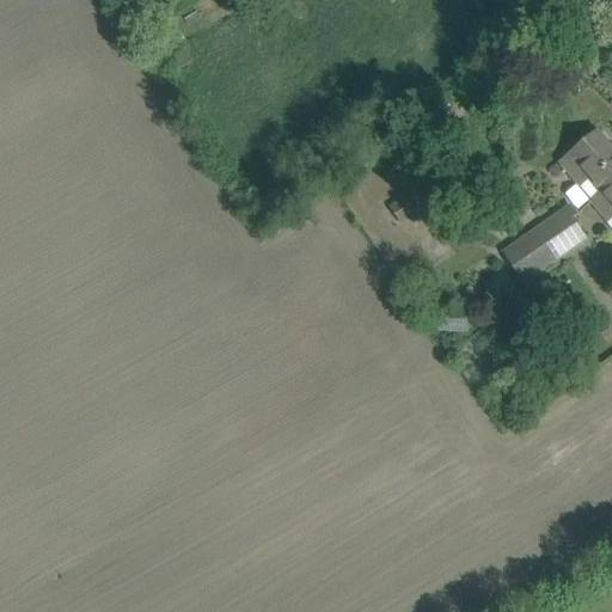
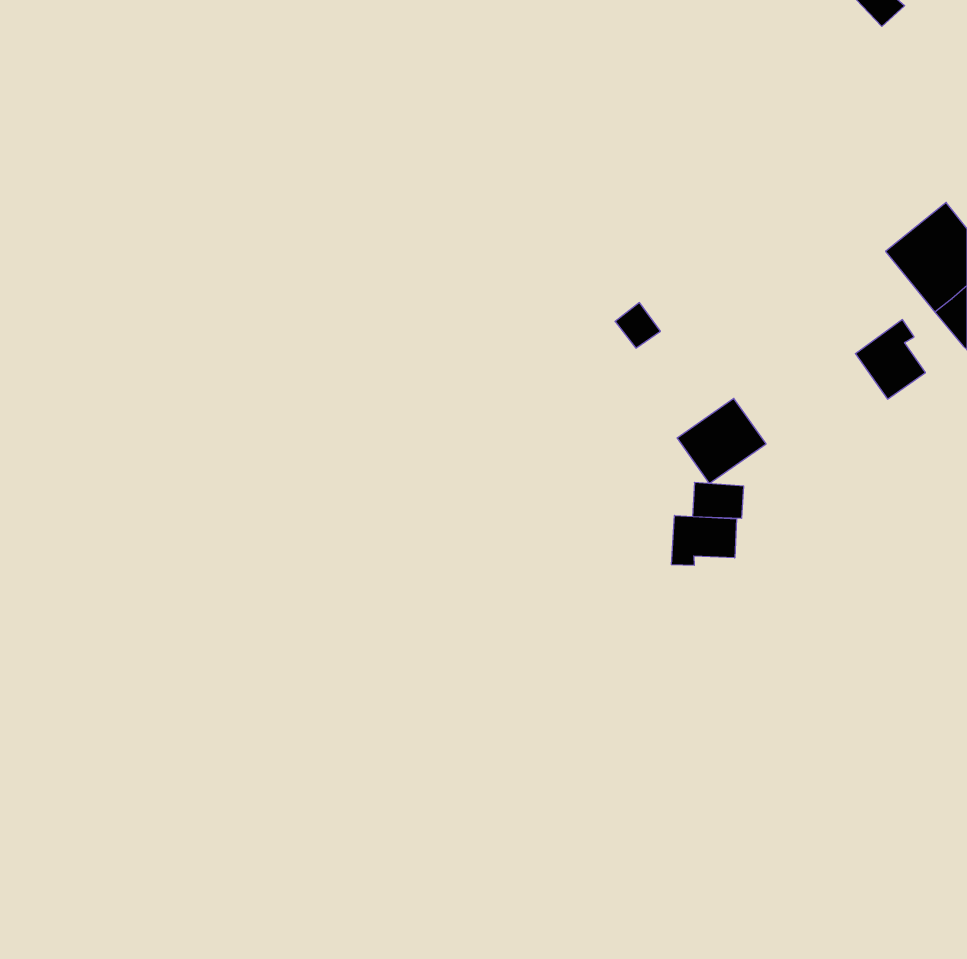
building: [504,224,561,277] -> [677,398,766,483]
building: none -> [671,515,737,565]

